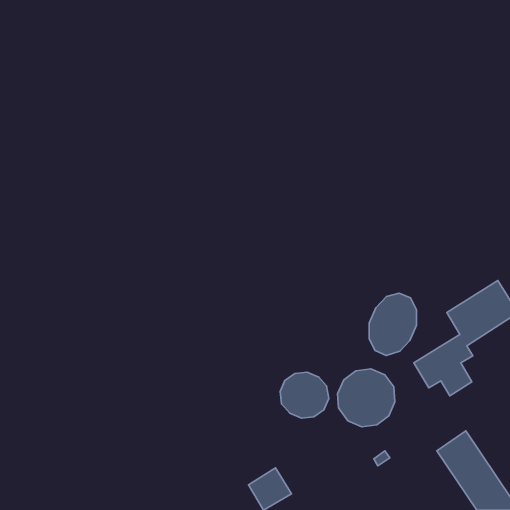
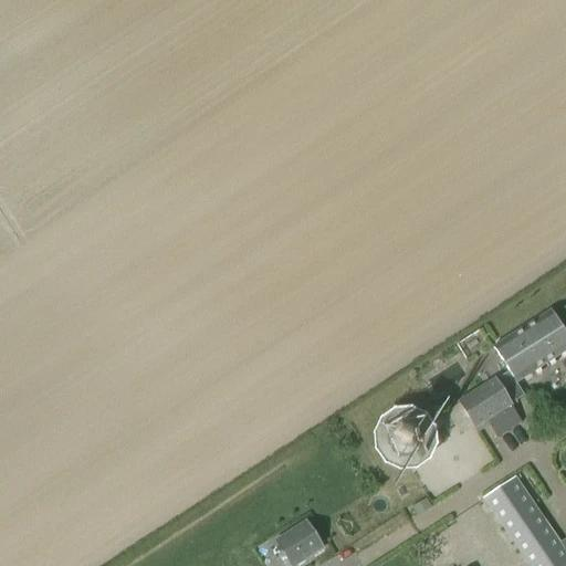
building: [369,293,417,355] -> none
building: [280,372,329,418] -> none

